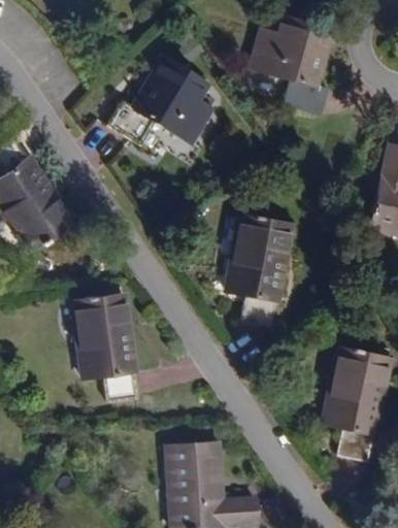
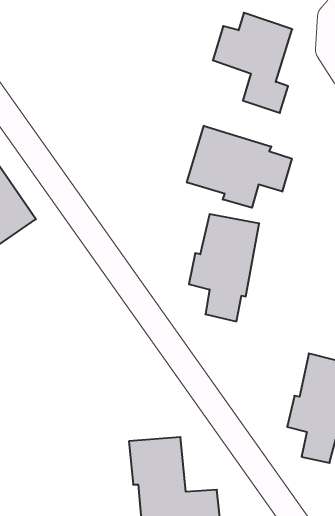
building: [106,58,209,146] -> none
building: none -> [187,126,292,208]
building: [75,302,138,406] -> none

